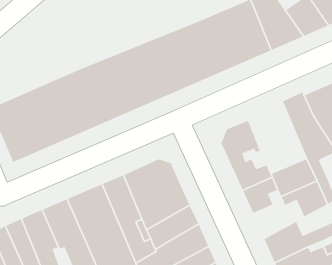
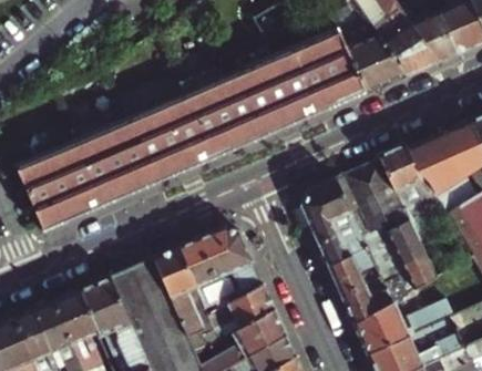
building: none -> [335,159,407,246]
building: none -> [340,279,403,327]

